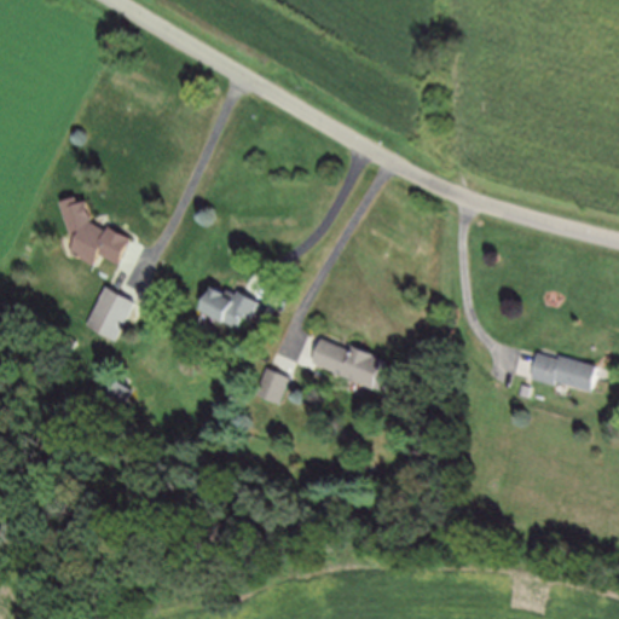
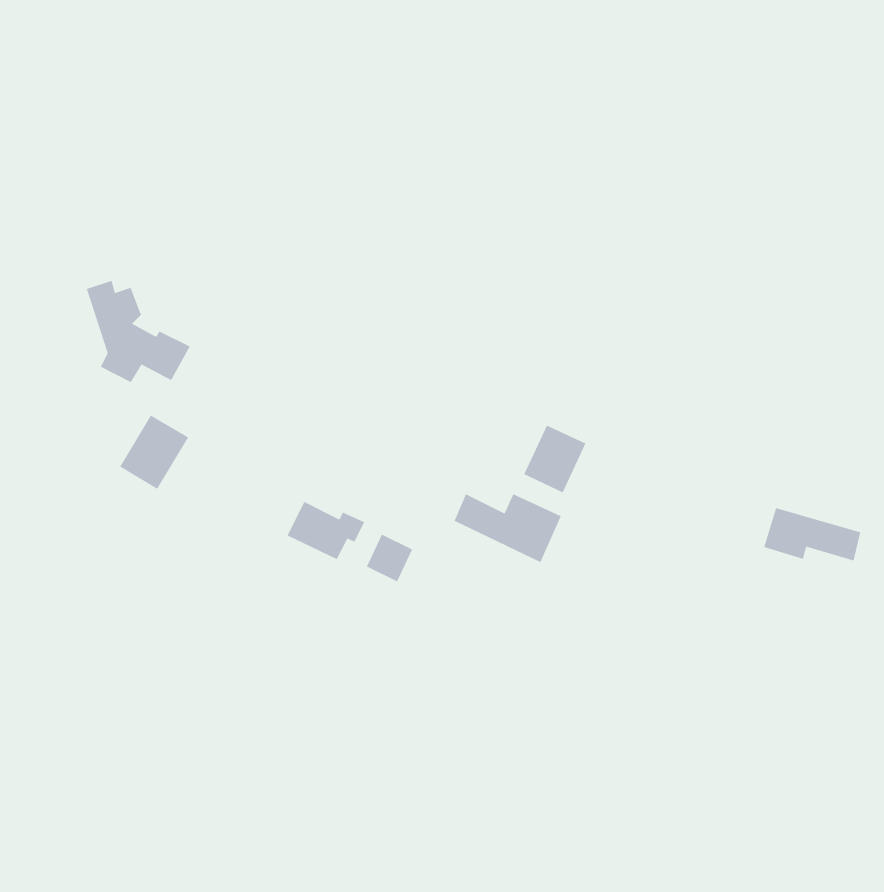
building: [203,287,258,328] -> [286,501,365,560]
building: none -> [523,424,586,493]

